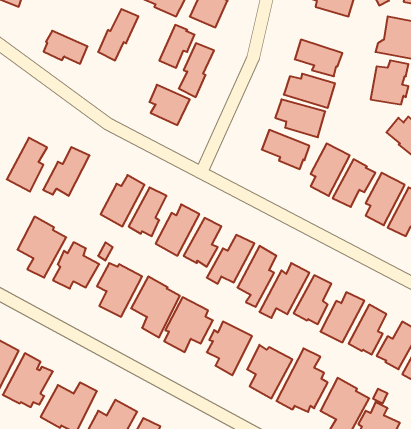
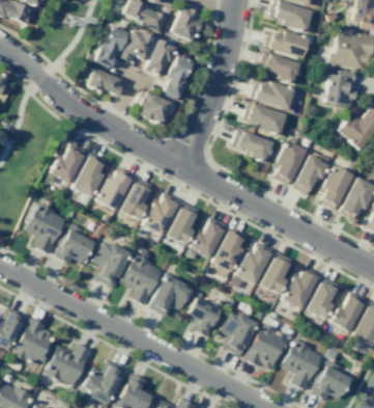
building: none -> [265,29,309,59]
building: none -> [120,30,156,61]
building: [44,31,88,64] -> [87,67,124,96]
building: [7,138,47,192] -> [71,153,106,198]

